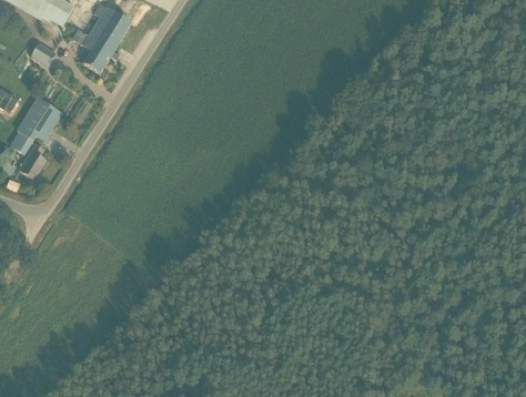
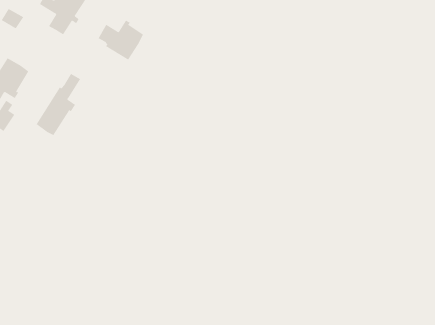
building: none -> [98,20,144,60]
building: none -> [36,73,81,136]

